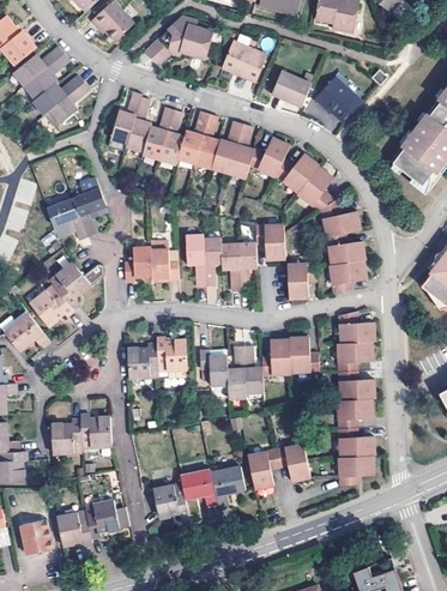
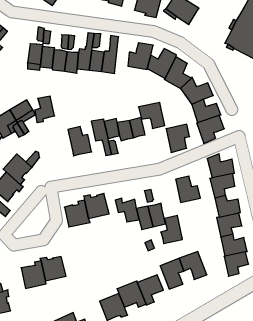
building: [229,123,254,179] -> none
building: [125,247,151,281] -> [35,96,55,123]
building: [261,338,290,374] -> [161,215,182,244]

